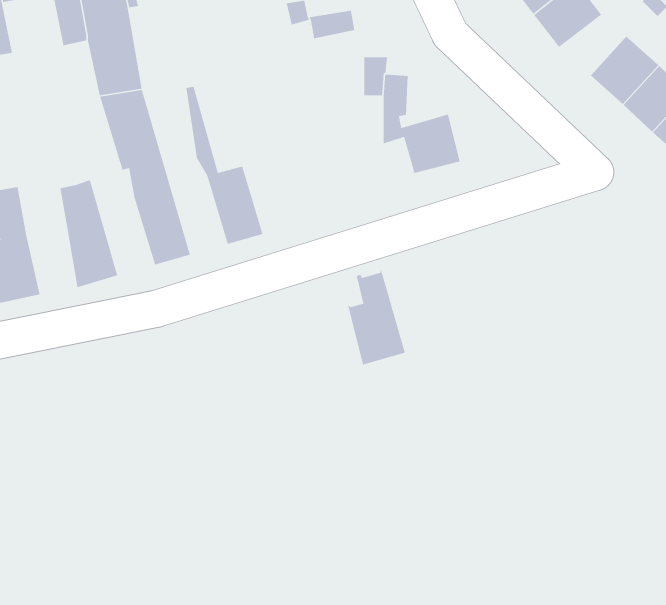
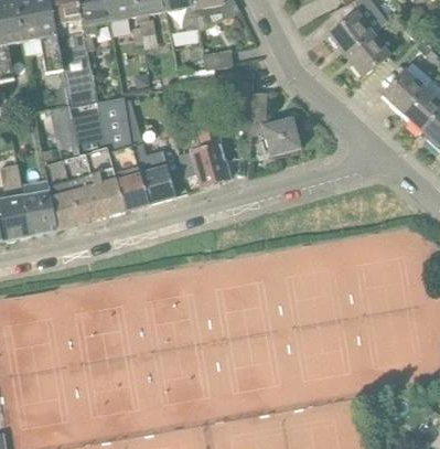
building: none -> [97,95,151,206]
building: none -> [51,105,105,220]
building: none -> [23,189,55,232]
building: [347,269,406,365] -> [192,124,229,185]

